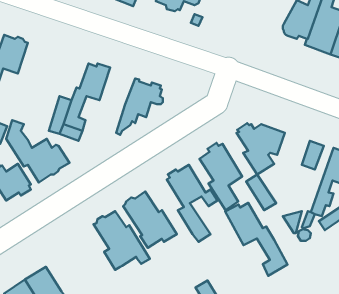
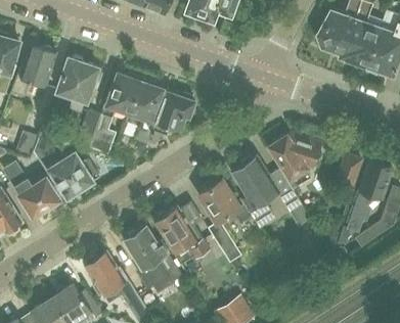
building: none -> [57,56,97,112]
building: none -> [126,79,162,148]
building: [225,203,287,276] -> none
building: none -> [84,251,140,305]

